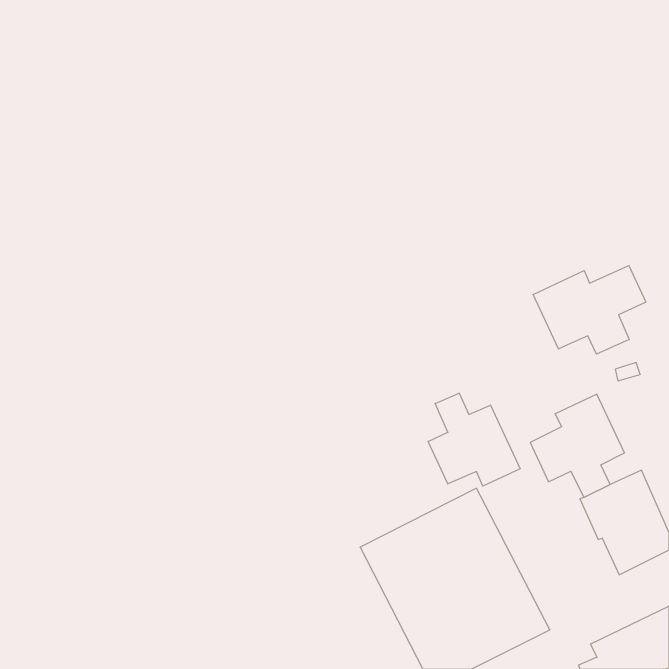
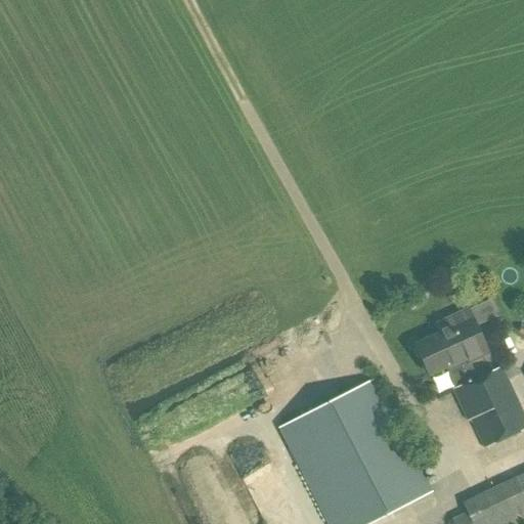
building: [533,266,646,354] -> none
building: [428,393,520,486] -> none

